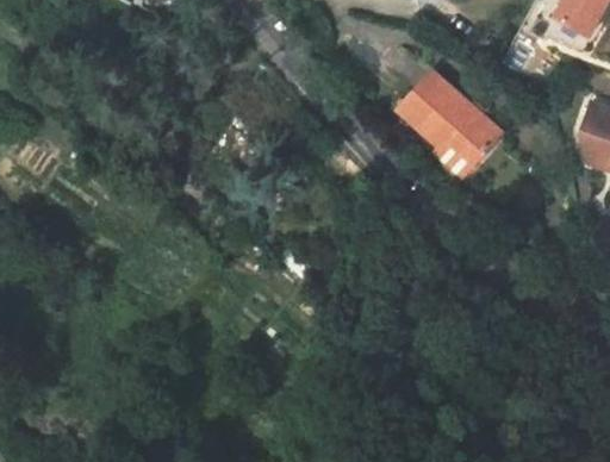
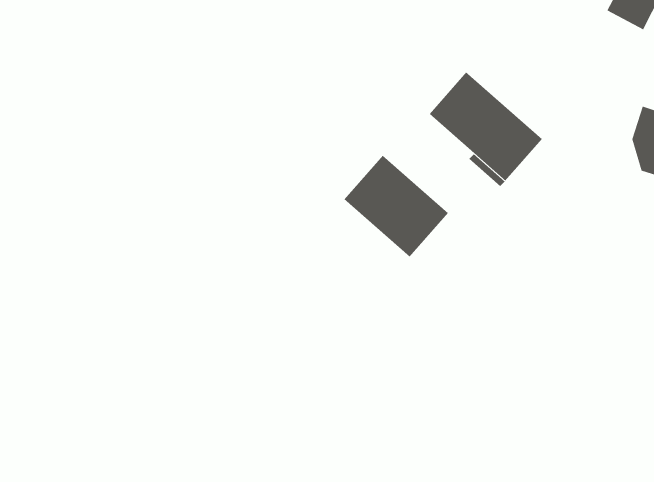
building: none -> [343,155,449,258]

